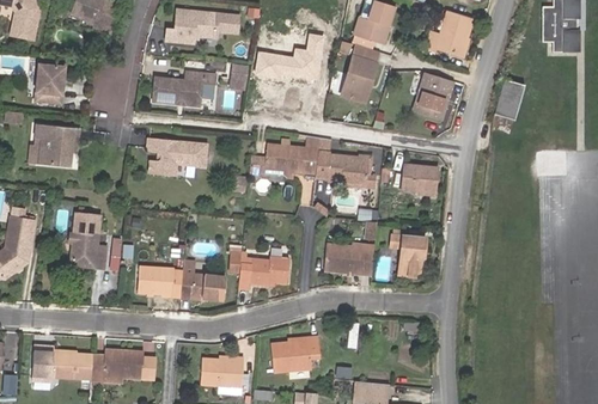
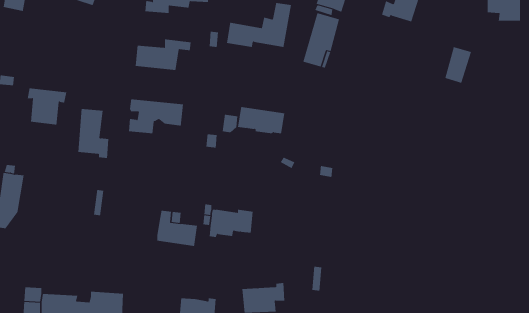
building: [37,66,67,105] -> none
building: [413,69,452,117] -> none
building: [317,153,371,189] -> none
building: [401,167,437,194] -> none
building: [71,212,105,267] -> [77,108,109,159]
building: [401,238,426,278] -> none
building: [324,247,374,277] -> none
building: [138,263,181,292] -> none

